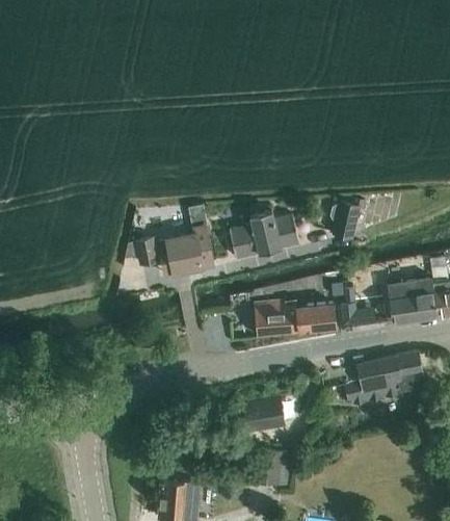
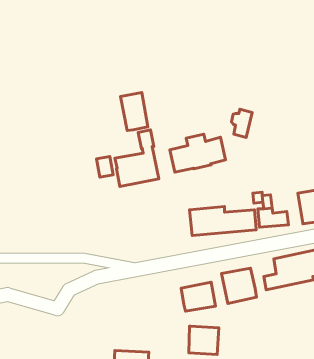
building: none -> [121,93,148,130]
building: [330,202,356,237] -> [231,109,252,138]
building: none -> [221,268,257,303]

